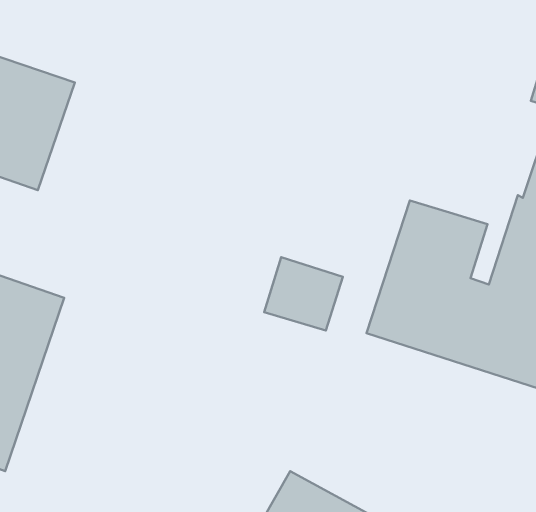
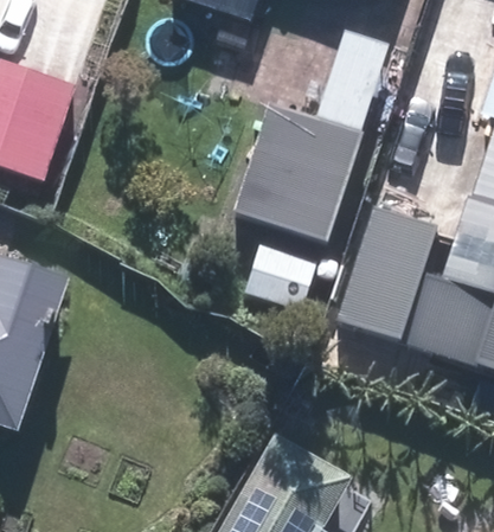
building: none -> [226,110,357,250]

